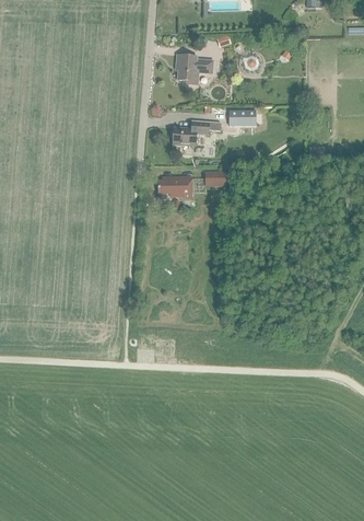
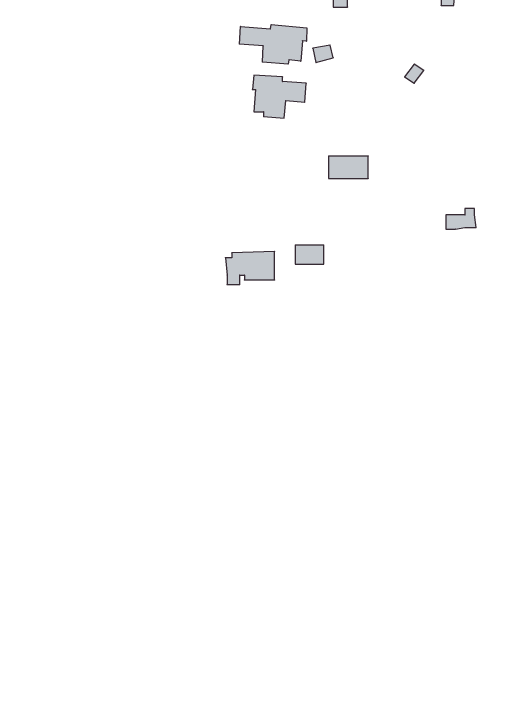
building: none -> [239,25,307,64]
building: [173,120,221,146] -> none

